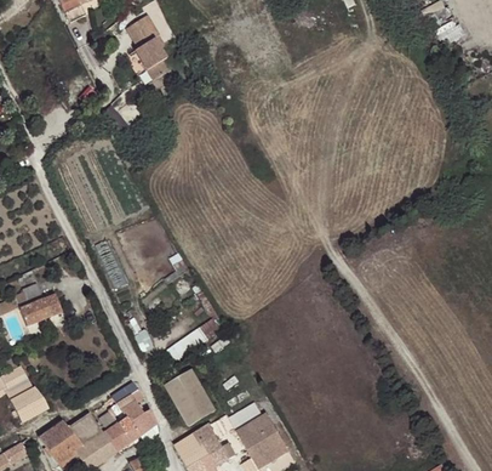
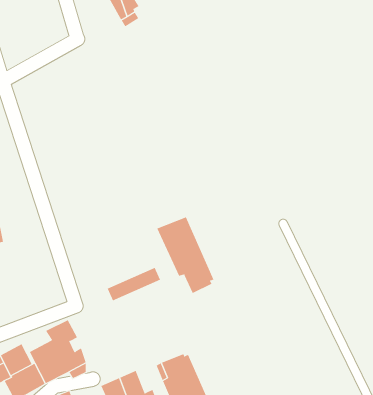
building: none -> [157,216,214,294]
building: [167,370,217,425] -> none

